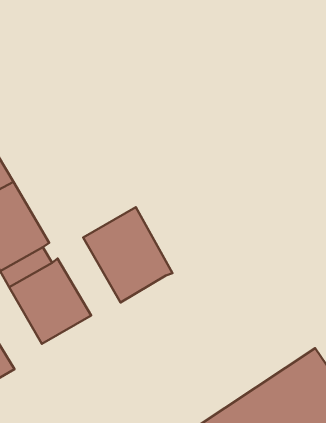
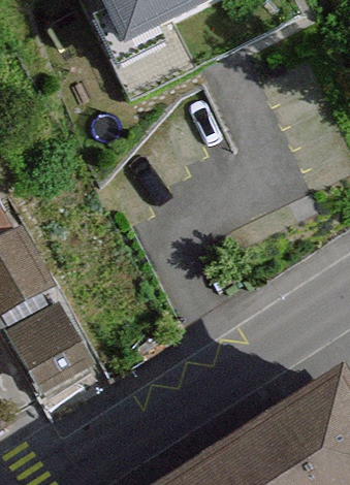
building: [83,207,172,302] -> none

